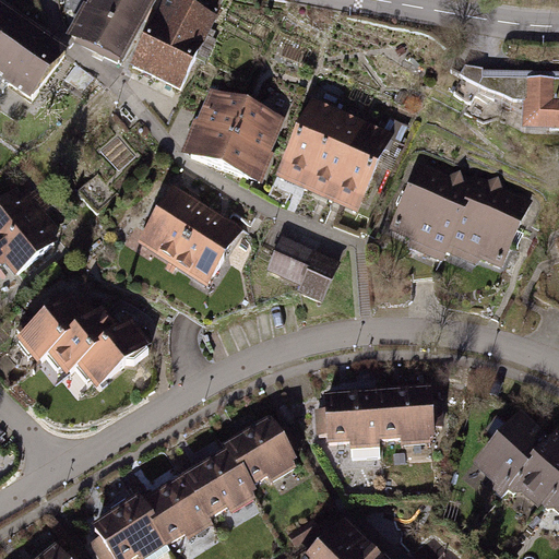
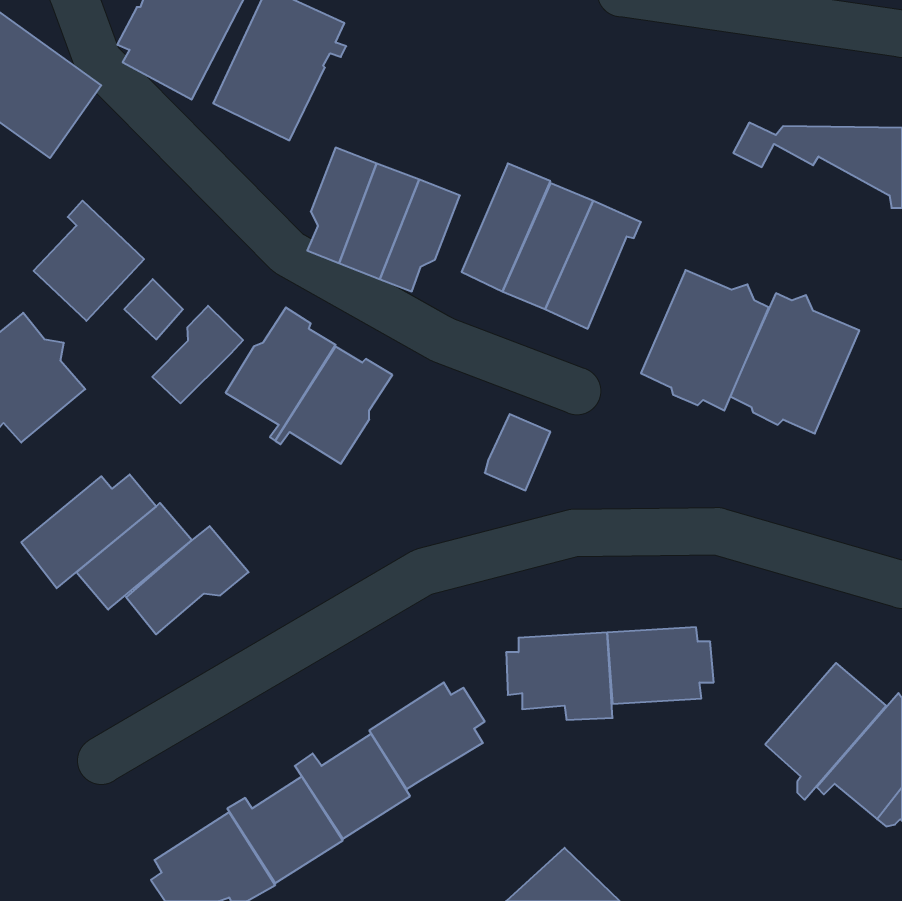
building: none -> [34,201,144,321]
building: none -> [152,306,243,403]
building: [269,239,313,283] -> none

